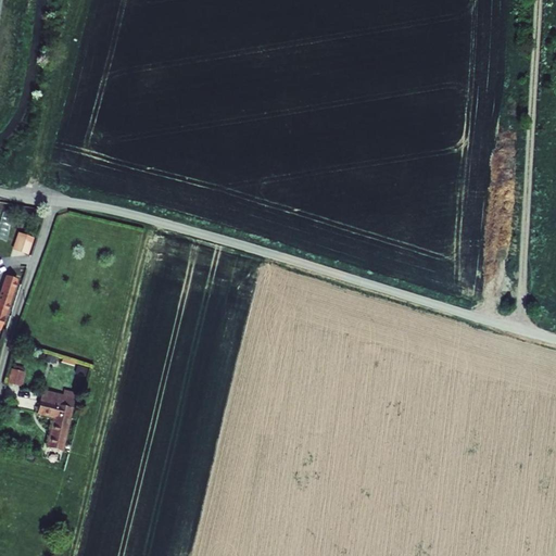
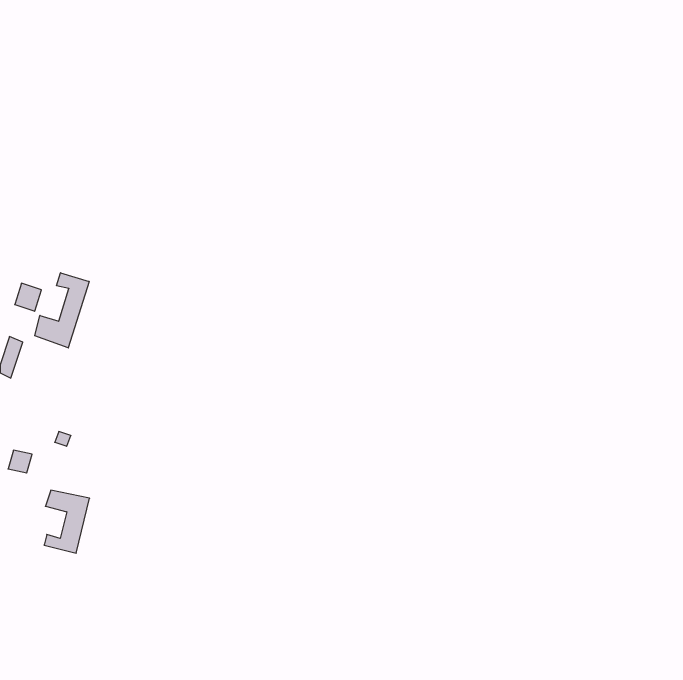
building: none -> [35,273,89,348]

